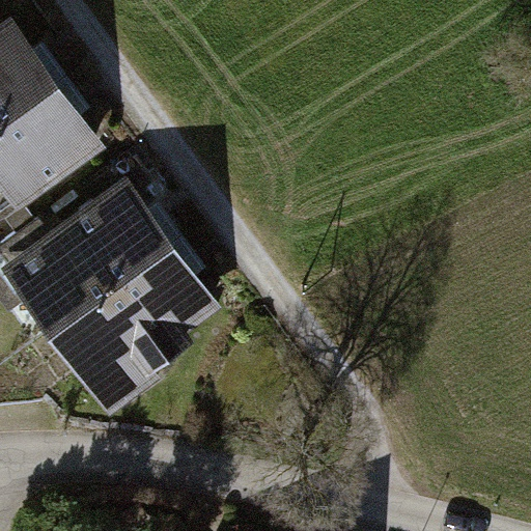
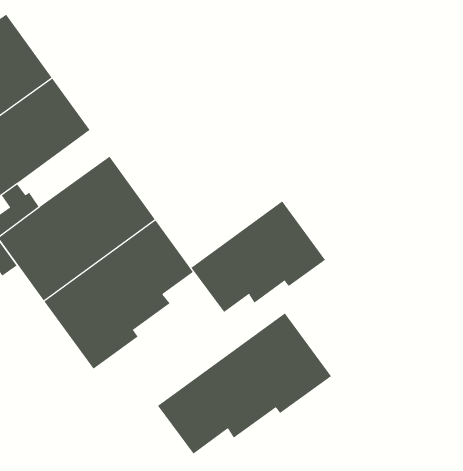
building: none -> [191,201,326,313]
building: none -> [157,312,332,455]

